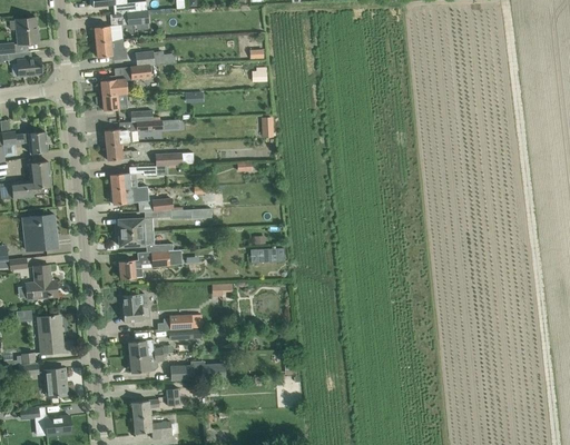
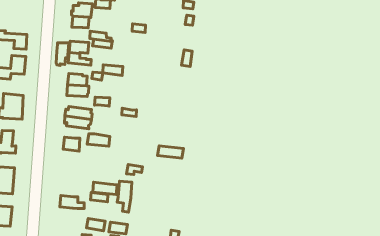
building: none -> [56,43,69,66]
building: [122,294,148,323] -> none
building: none -> [117,181,132,212]
building: [129,354,163,373] -> none

